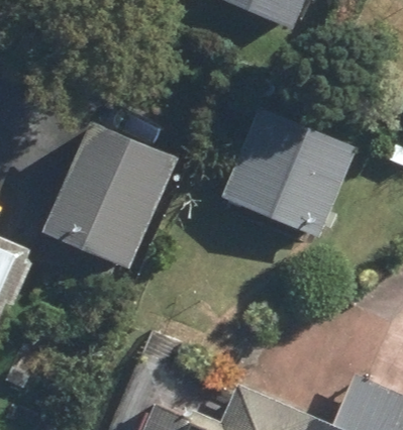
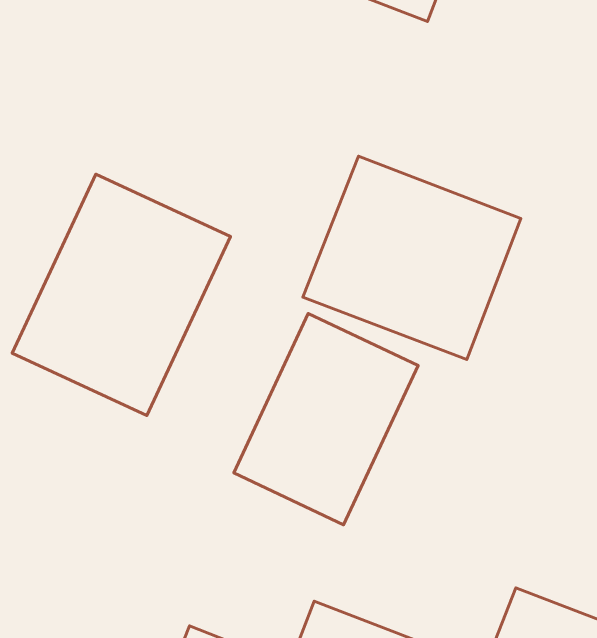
building: none -> [234,313,418,525]

